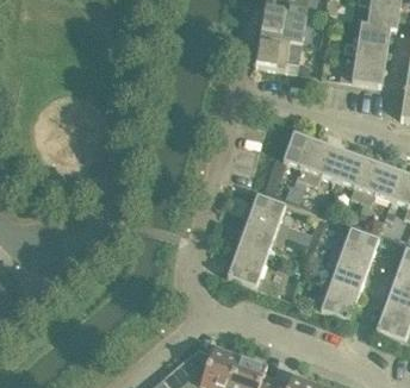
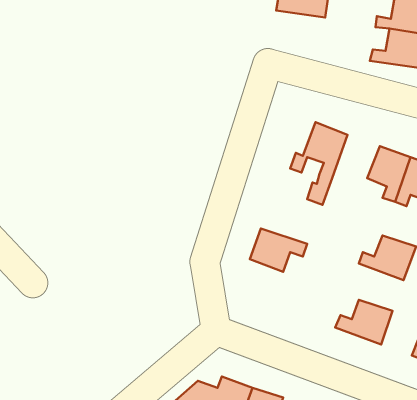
building: [255,36,302,71] -> none
building: [308,142,348,183] -> none
building: [247,193,290,234] -> none
building: [228,248,269,289] -> none
building: [327,251,368,292] -> none

